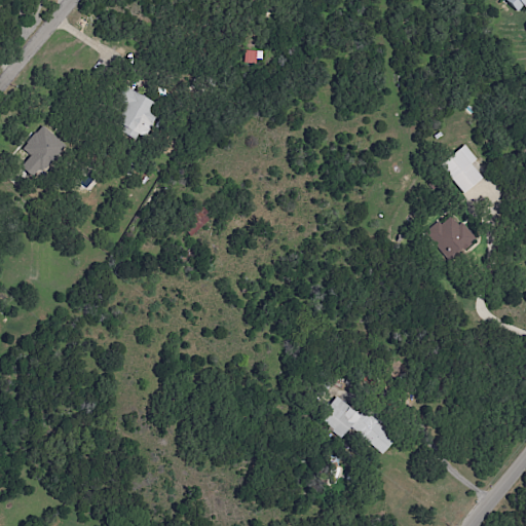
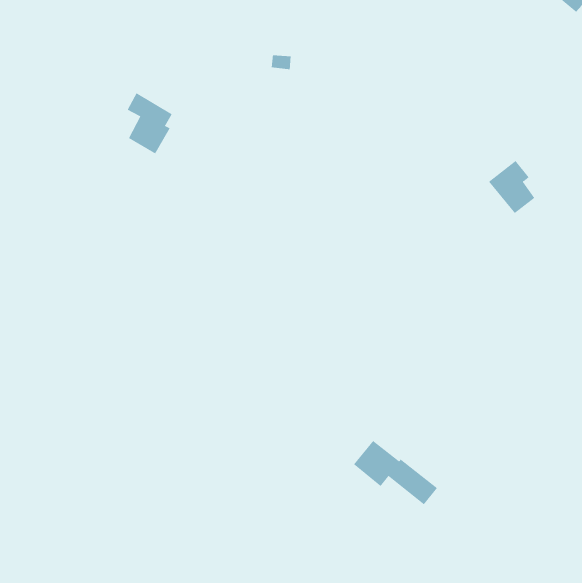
building: [21,124,58,176] -> none
building: [427,220,477,253] -> none

